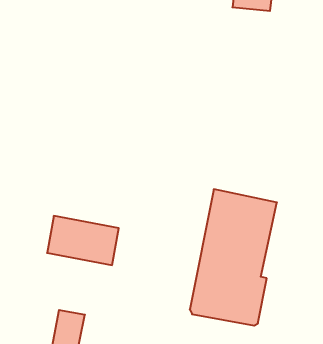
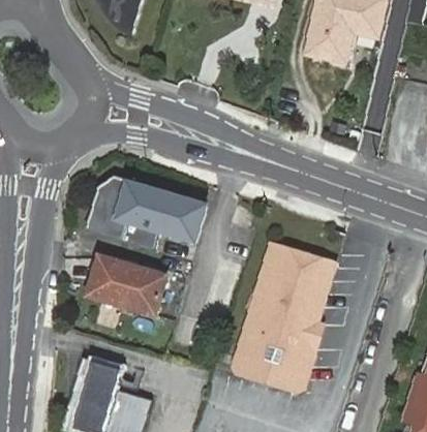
building: none -> [83,175,210,249]

